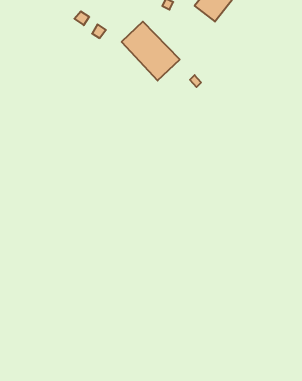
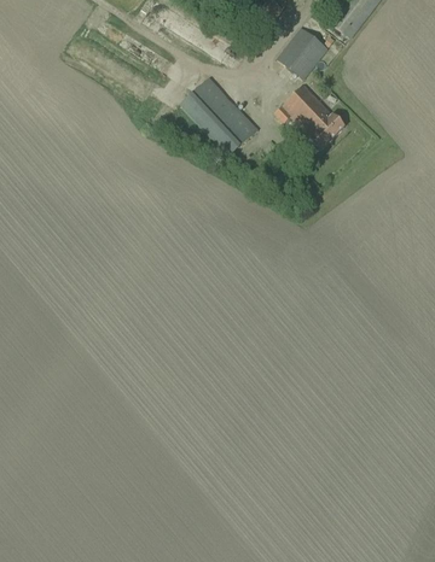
building: none -> [274,84,344,148]

